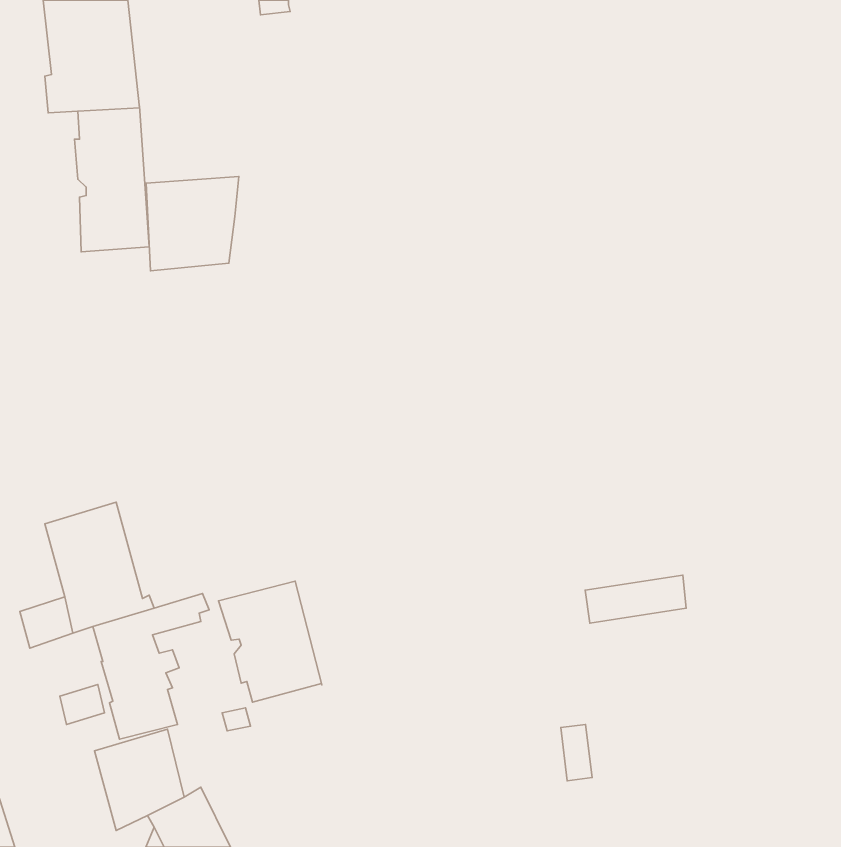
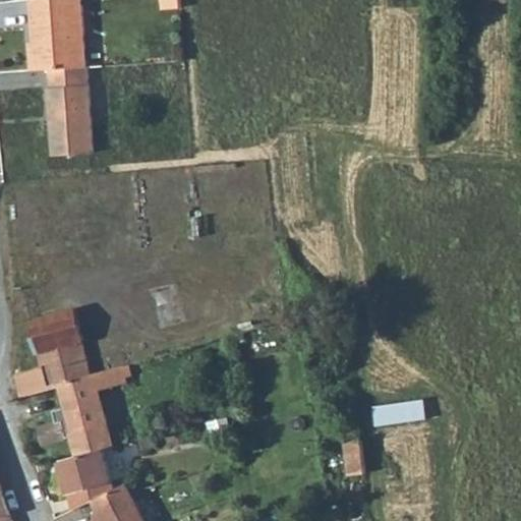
building: [146,177,239,271] -> none
building: [585,575,686,623] -> [369,397,431,426]
building: [219,581,322,702] -> none

